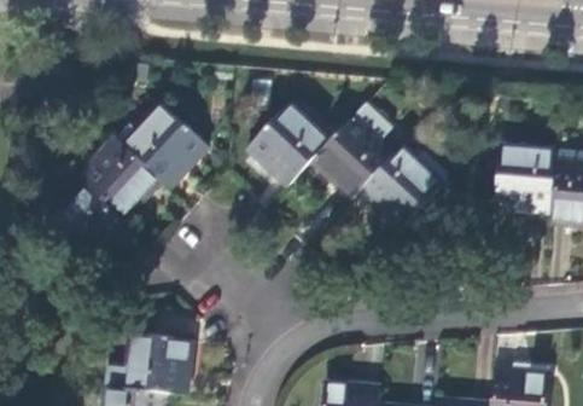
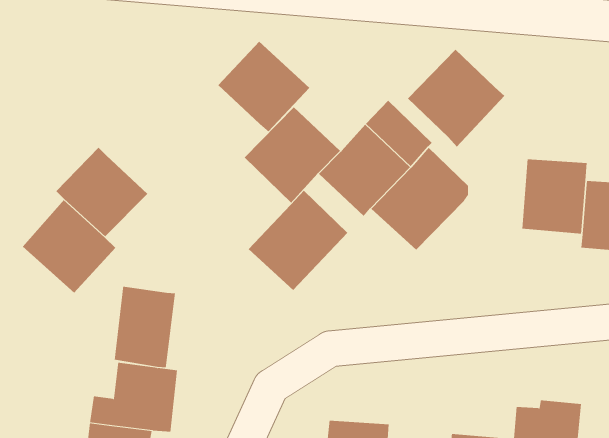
building: none -> [407,49,505,148]
building: [123,103,206,185] -> [217,41,310,132]
building: none -> [248,190,348,291]
building: none -> [114,286,176,368]

